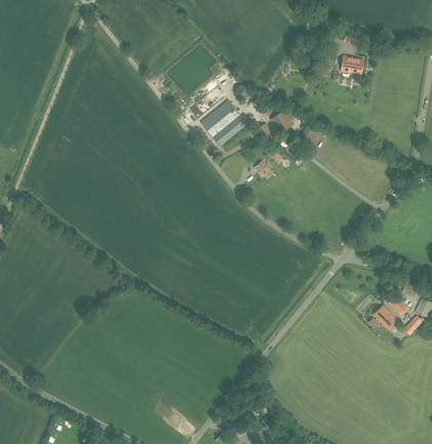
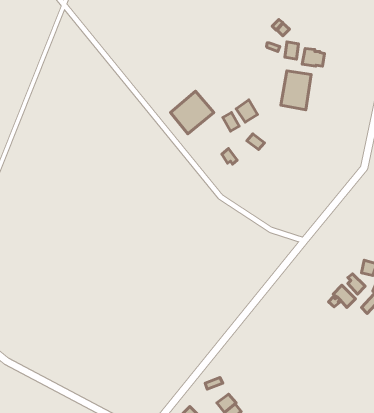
building: none -> [281,71,311,110]

